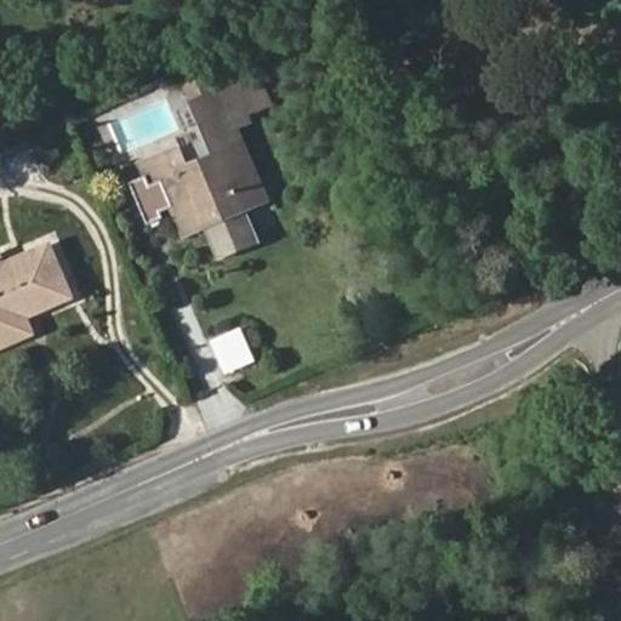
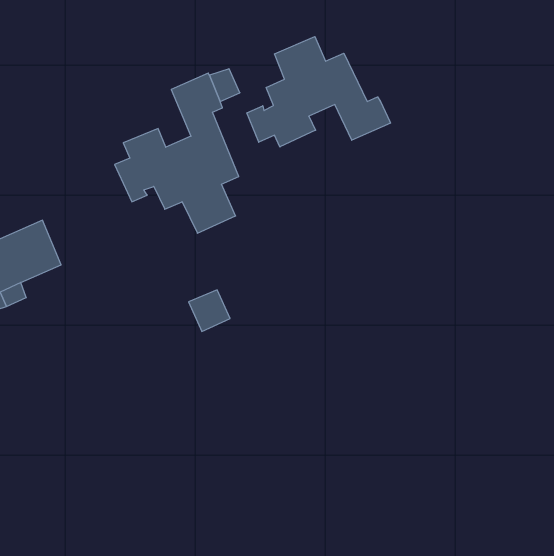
building: none -> [247,37,390,147]

